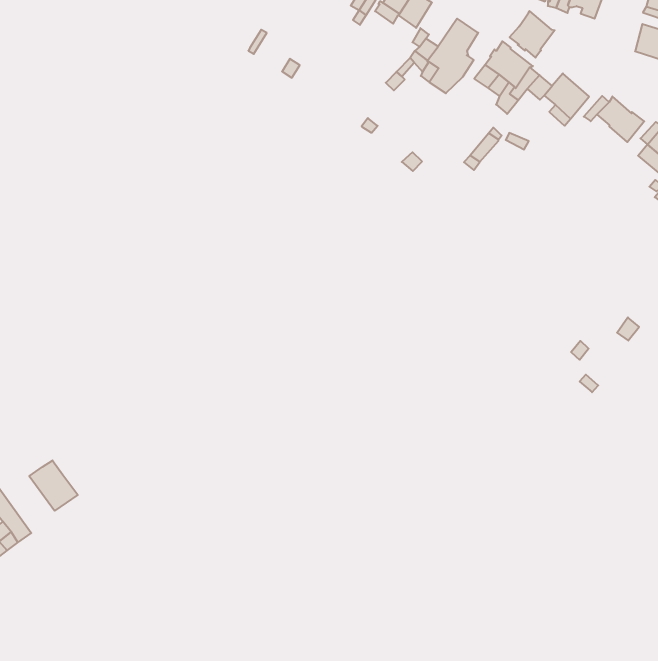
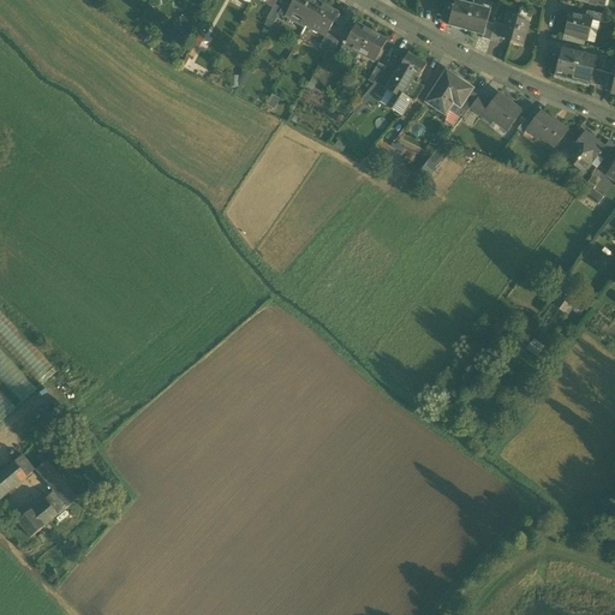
building: [510,11,555,58] -> none
building: [29,460,78,511] -> none

